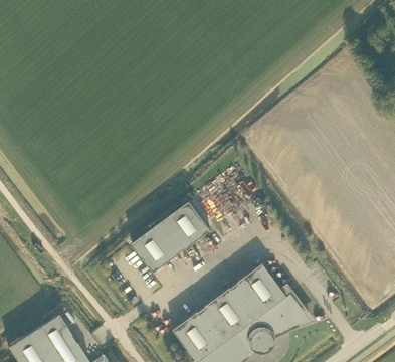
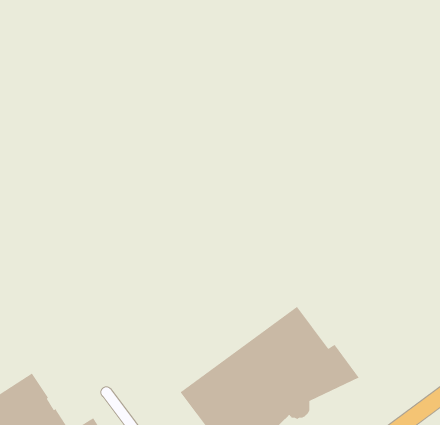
building: [132,200,210,272] -> none

